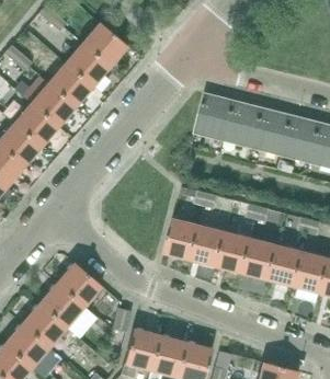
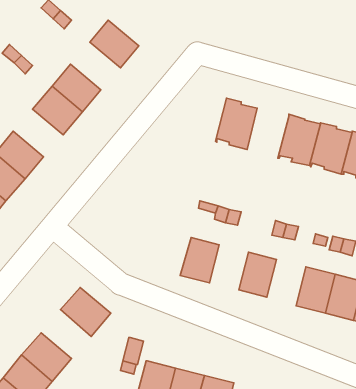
building: [66,43,111,85] -> none
building: [225,101,262,147] -> none
building: [14,103,59,146] -> none
building: [191,225,226,265] -> none
building: [242,238,277,279] -> none
building: [39,283,84,326] -> none

